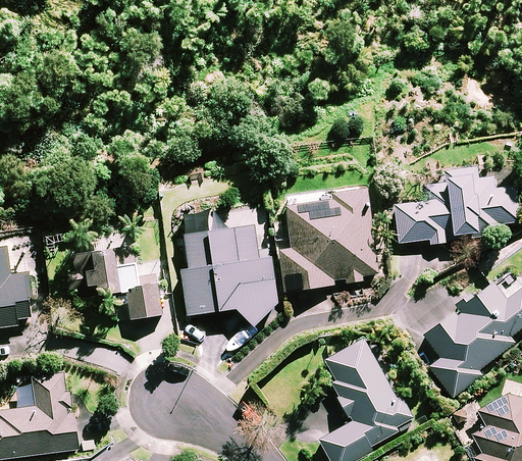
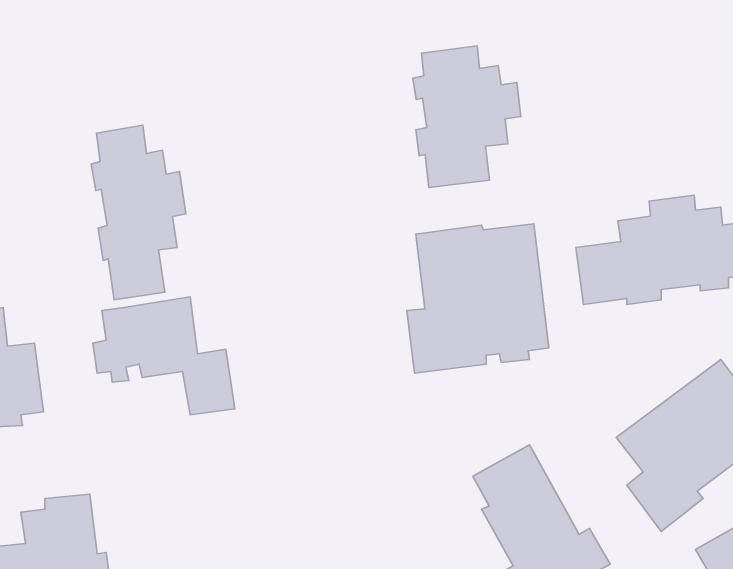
building: none -> [413,46,521,188]
building: none -> [91,125,186,300]
building: [181,211,275,325] -> none

